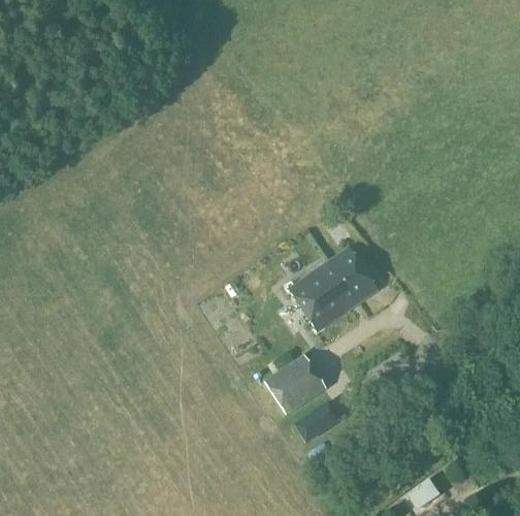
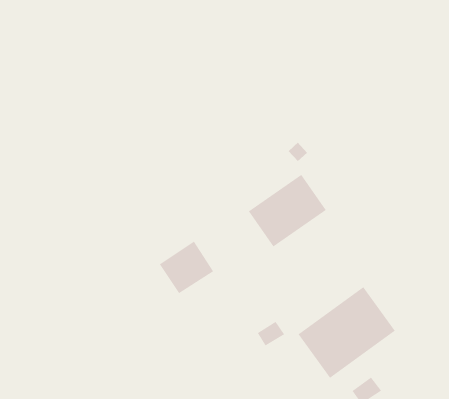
building: [264,352,327,413] -> [159,241,214,294]
building: none -> [298,286,396,379]

